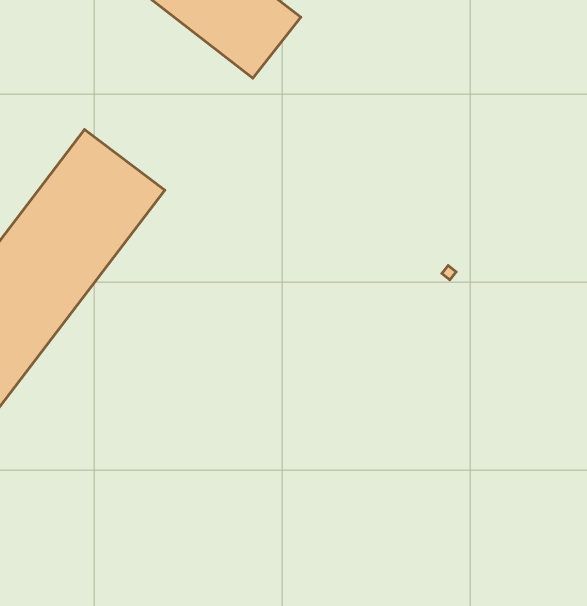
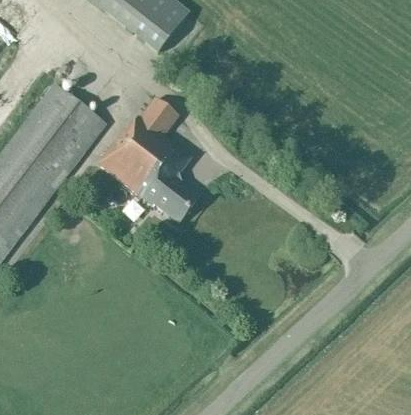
building: none -> [98,97,198,222]

